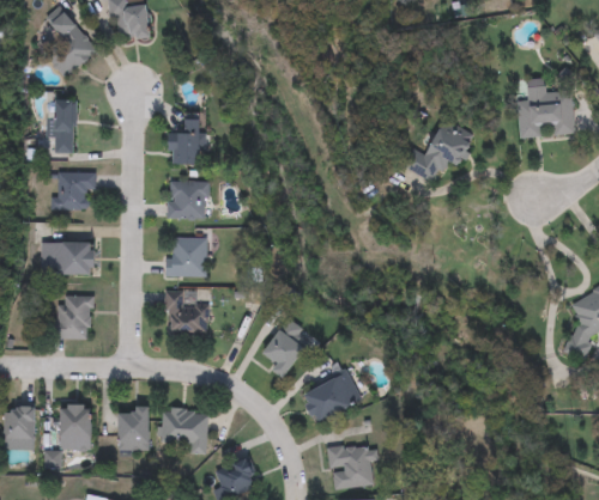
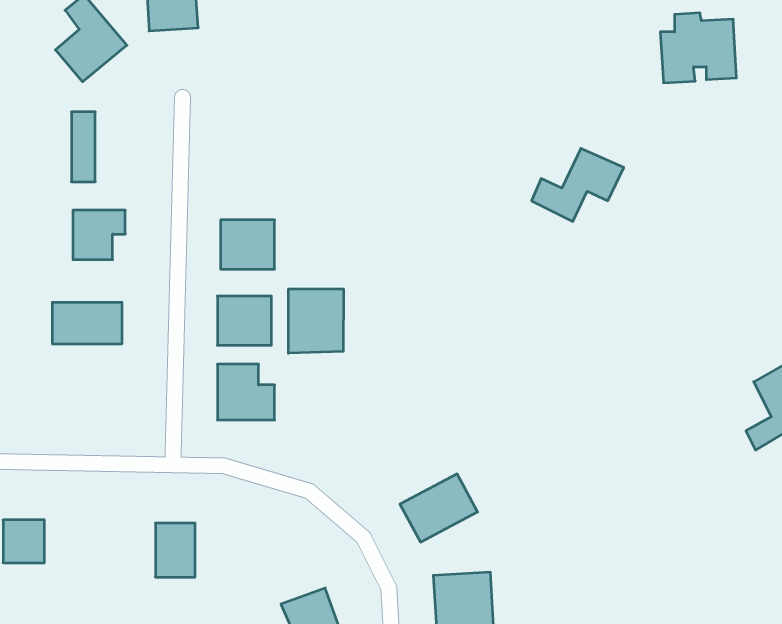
building: [516,85,574,138] -> [660,13,736,83]
building: [171,112,201,164] -> none
building: none -> [288,289,343,353]
building: [58,295,91,337] -> none
building: [264,329,307,378] -> none
building: [60,404,90,449] -> none
building: [158,408,207,455] -> none

